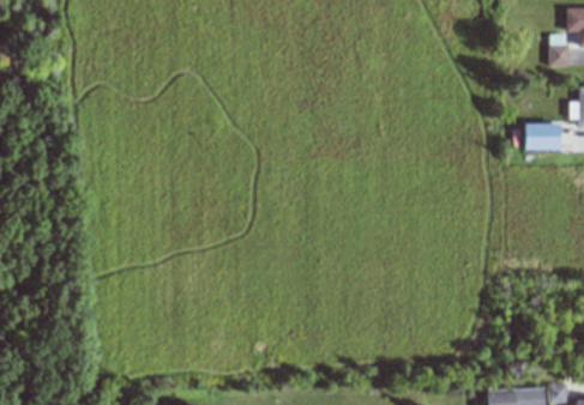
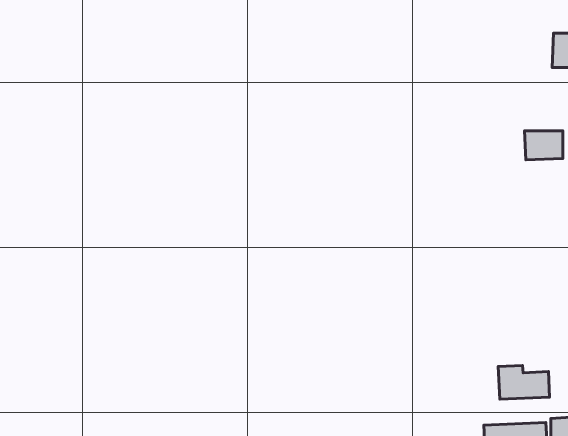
building: none -> [498,365,549,399]

